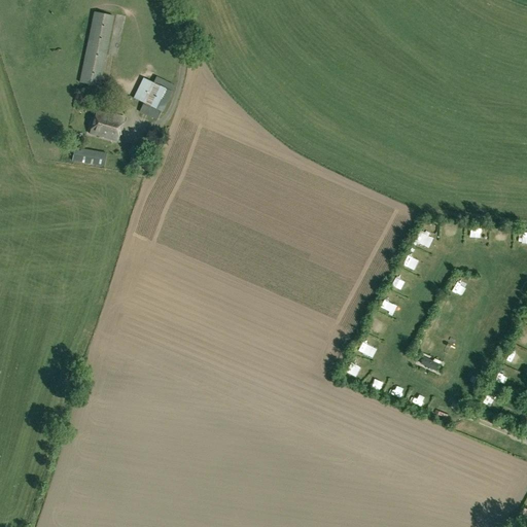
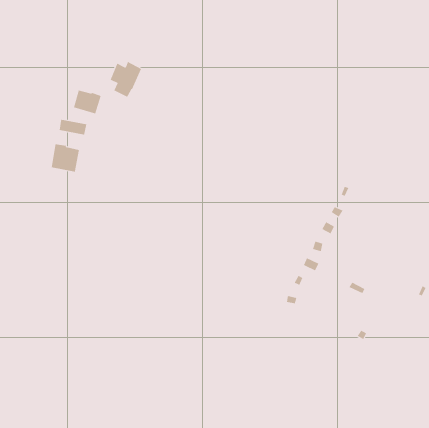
building: [80,11,113,85] -> none
building: none -> [51,144,80,172]

